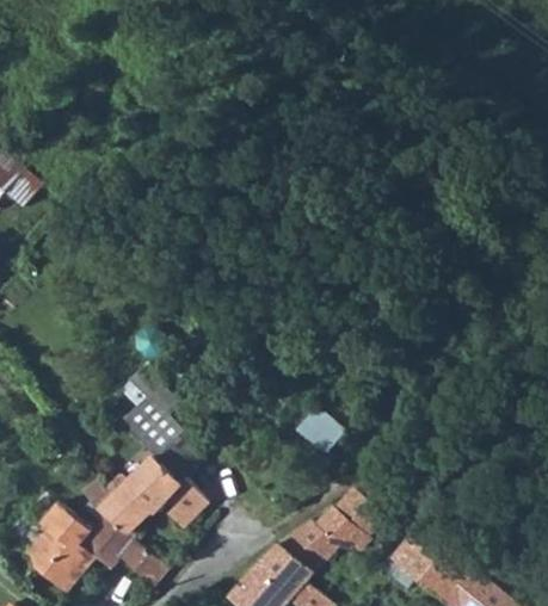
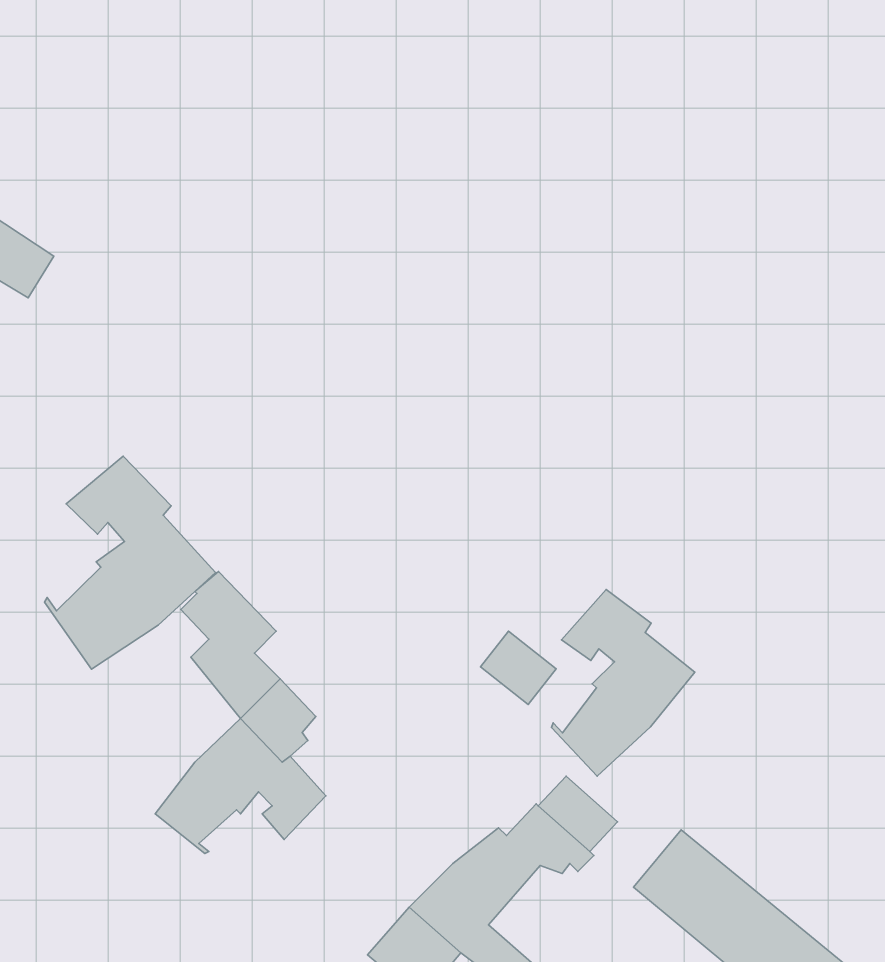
building: none -> [44,456,216,669]
building: none -> [551,590,695,776]
building: [26,503,166,594] -> none

